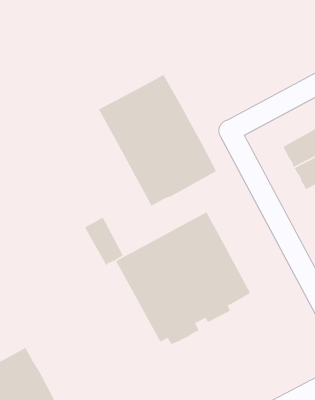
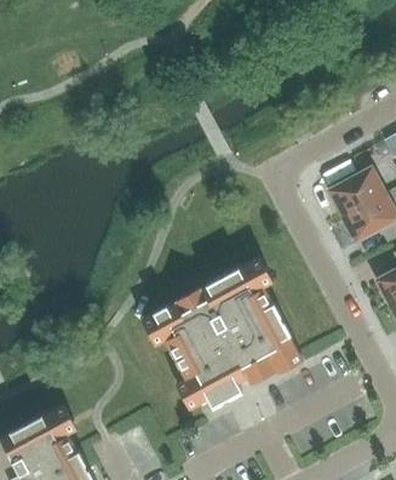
building: [98,74,217,207] -> none
building: [84,217,124,266] -> none

